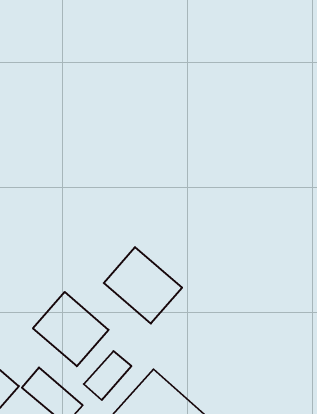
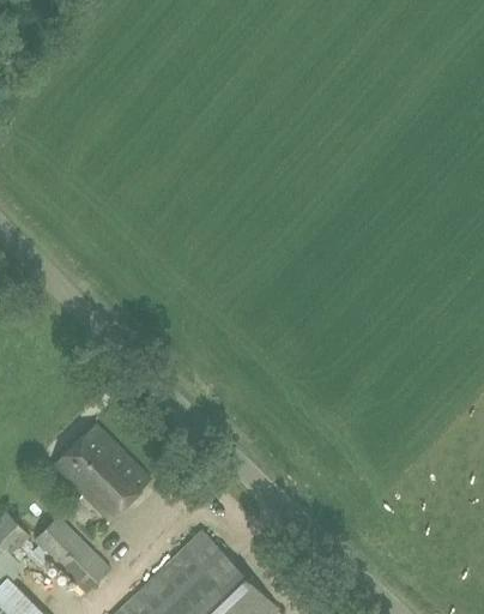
building: [104,247,182,324] -> none
building: [84,351,131,400] -> none

